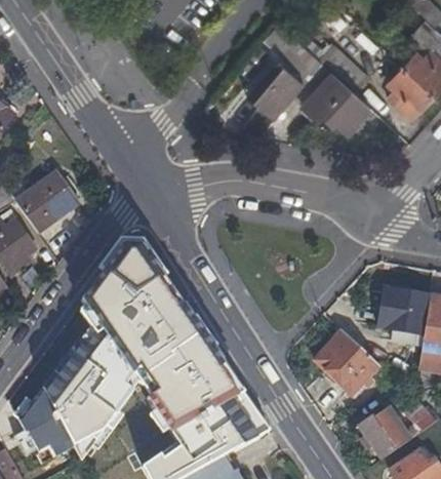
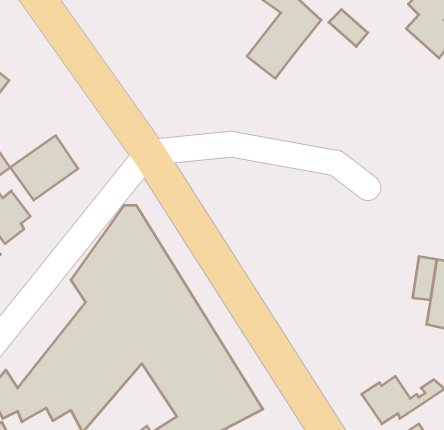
building: [290,61,368,132] -> none
building: [387,69,432,119] -> none
building: [376,285,412,329] -> none
building: [313,329,376,391] -> none

